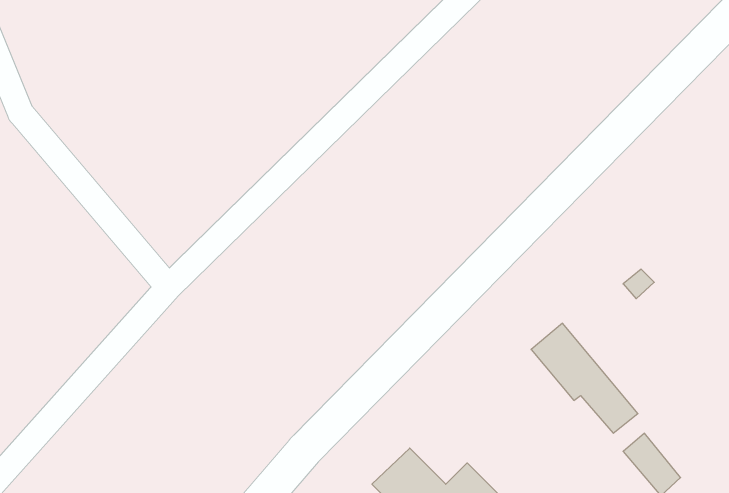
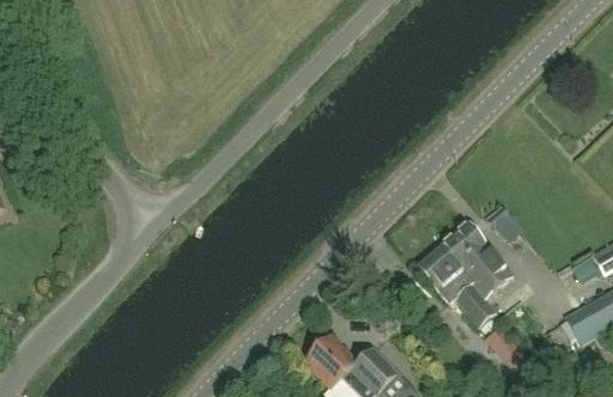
building: none -> [442,221,514,297]

